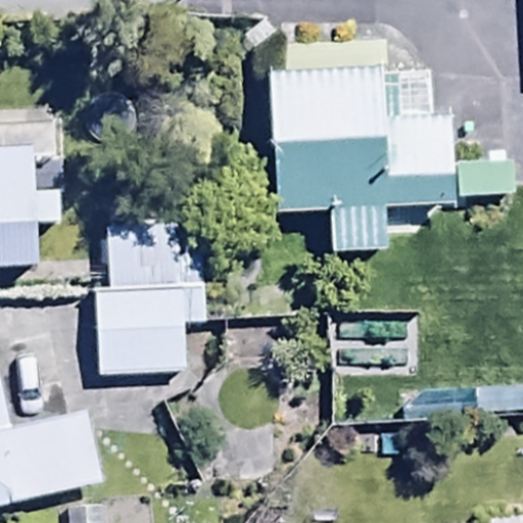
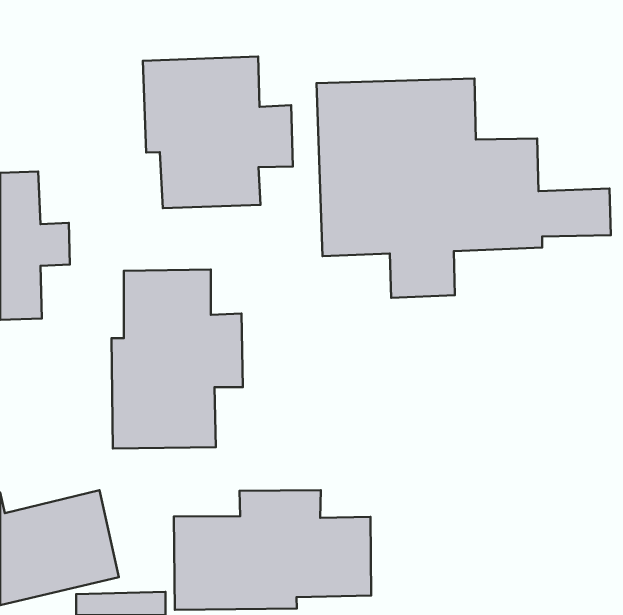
building: none -> [143,57,293,208]
building: none -> [174,490,371,610]

